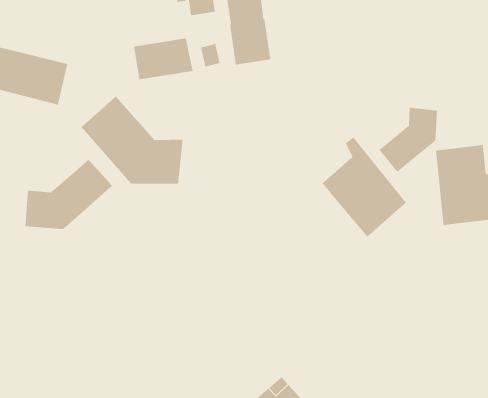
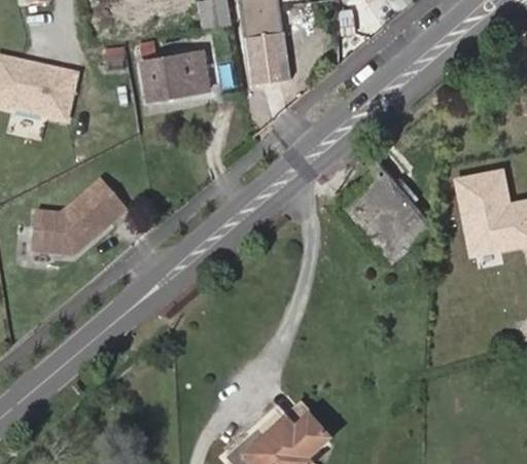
building: [80,96,184,184] -> none
building: [378,107,438,173] -> none

